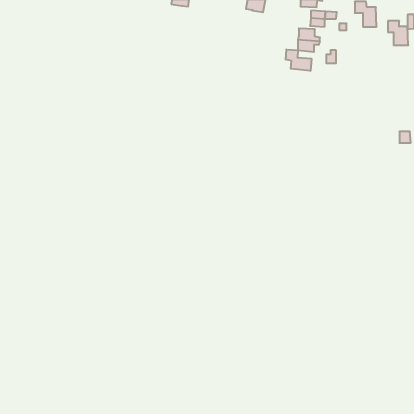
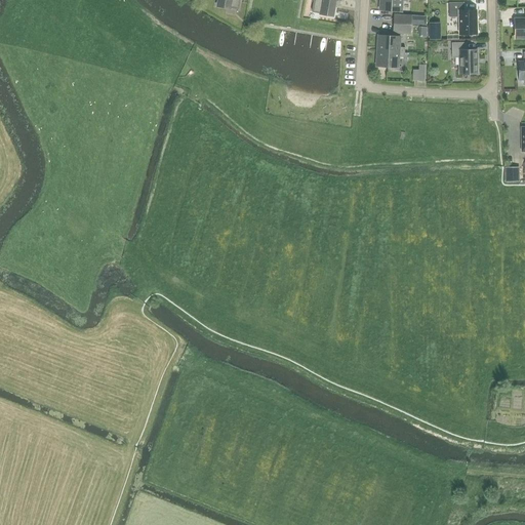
building: [388,21,408,45] -> [451,42,477,73]
building: [286,49,311,71] -> none

